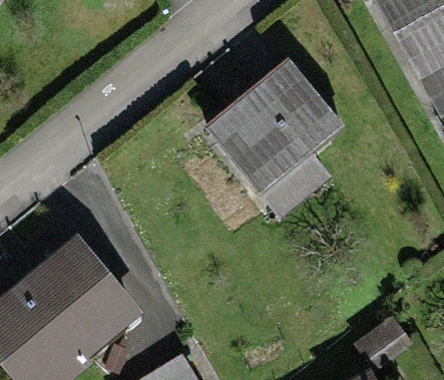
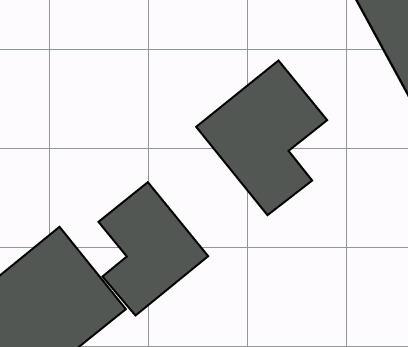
building: none -> [98,182,208,315]

